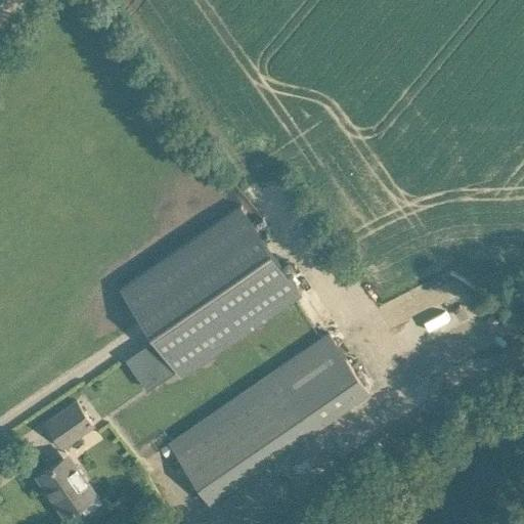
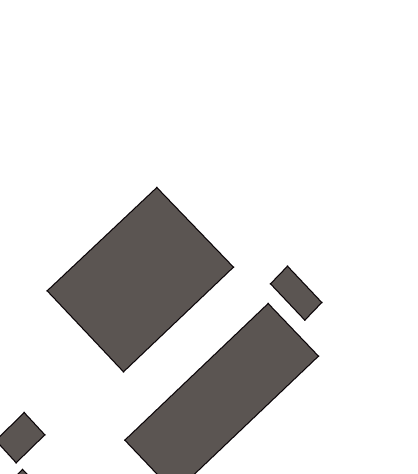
building: none -> [270,266,322,320]
building: [124,345,169,390] -> none

